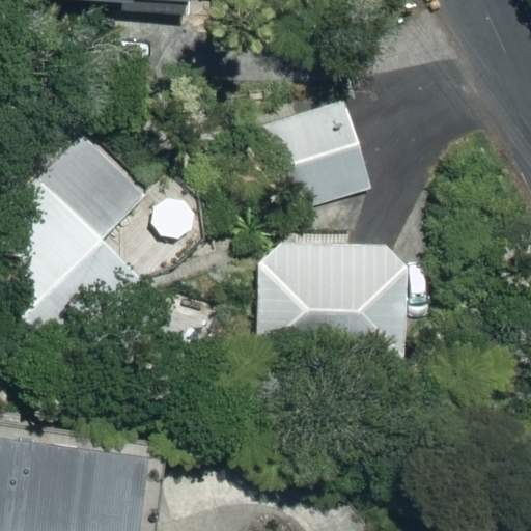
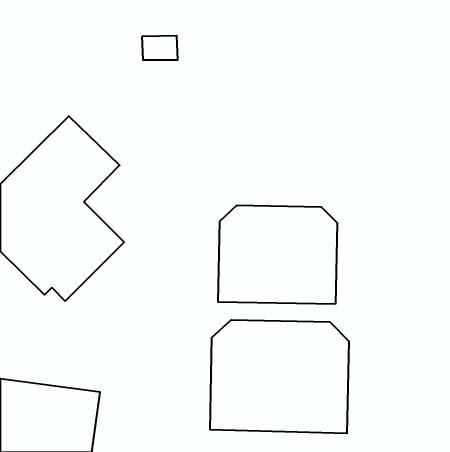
building: [261,95,373,212] -> none
building: none -> [210,320,349,433]

